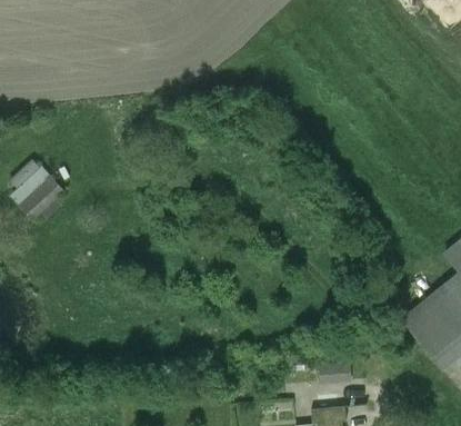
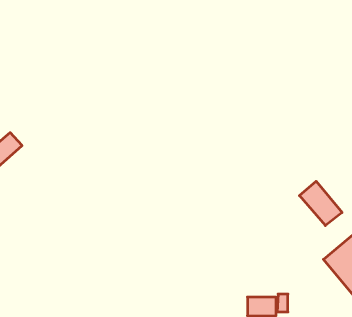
building: none -> [299,181,342,226]

